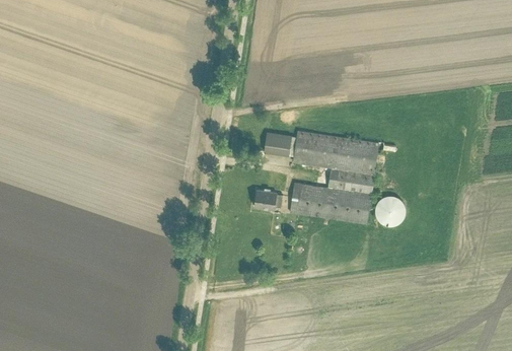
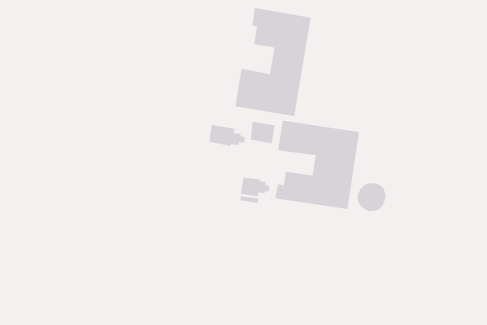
building: none -> [235,7,311,117]
building: none -> [209,124,246,147]

